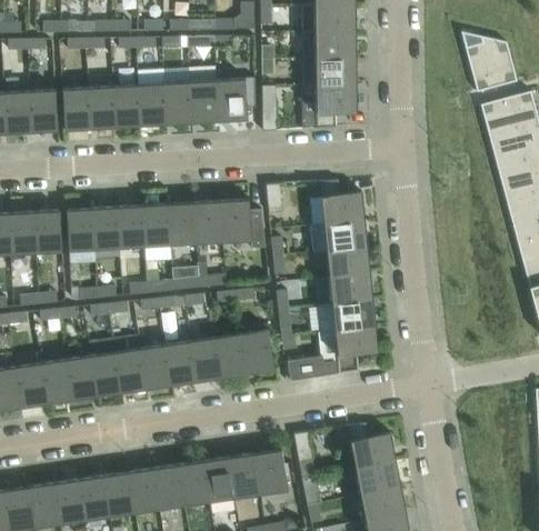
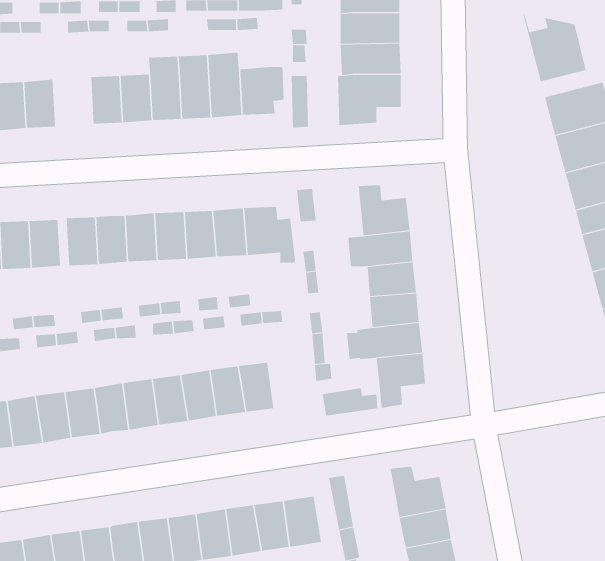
building: [62,87,90,130] -> none
building: [241,329,275,373] -> none

